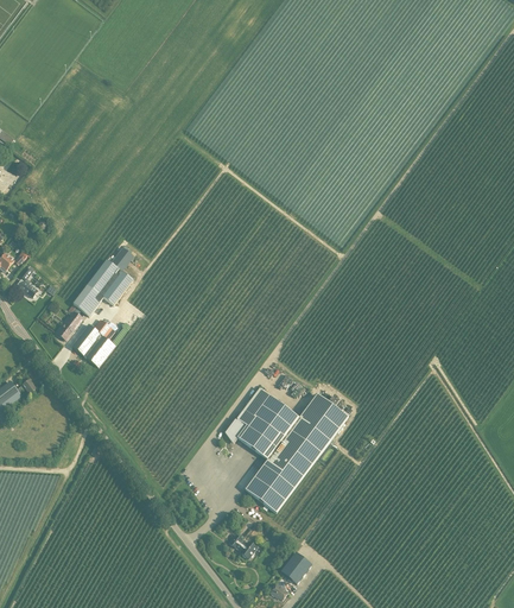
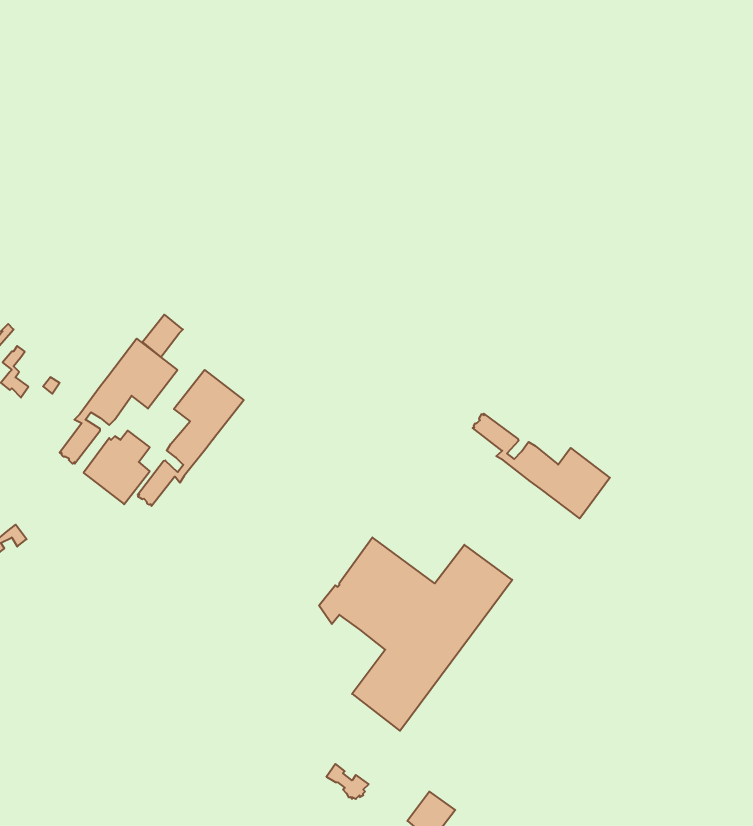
building: none -> [138,370,244,506]
building: none -> [473,414,610,518]

